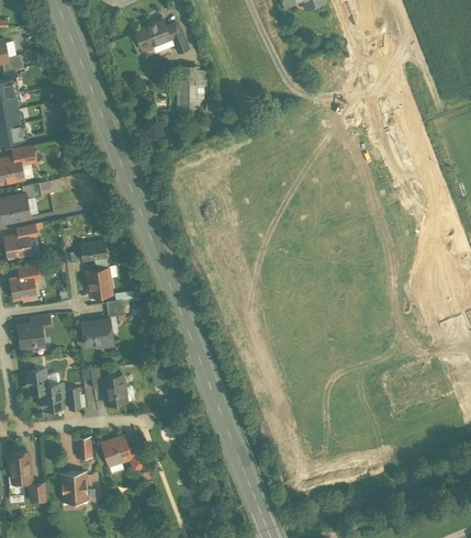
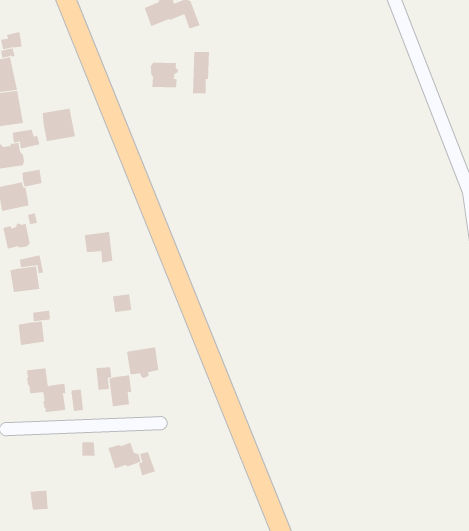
building: none -> [150,62,179,88]
building: none -> [42,108,76,142]
building: [87,269,112,298] -> none
building: [82,320,113,349] -> [126,347,159,378]
building: [10,452,32,483] -> none
building: [61,472,88,502] -> none

